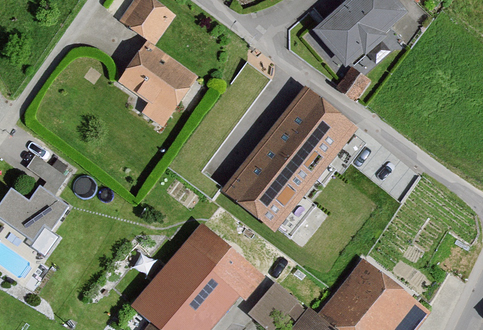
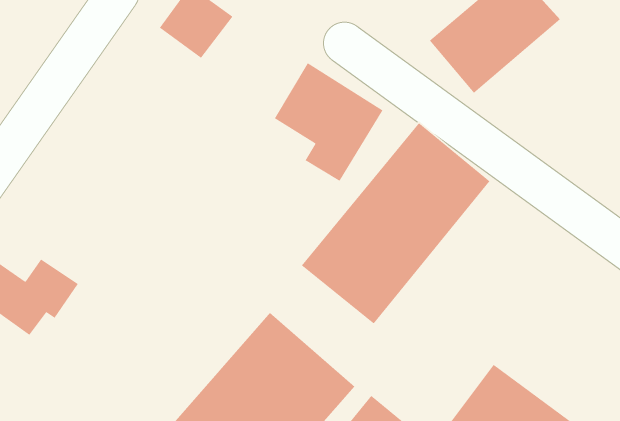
building: [118,42,196,127] -> [274,62,383,182]

